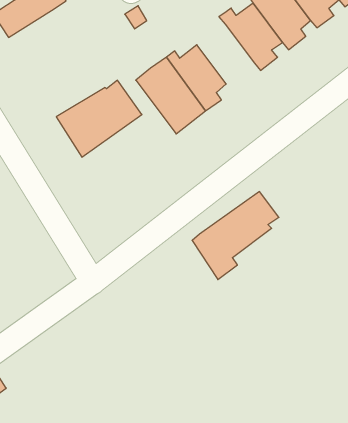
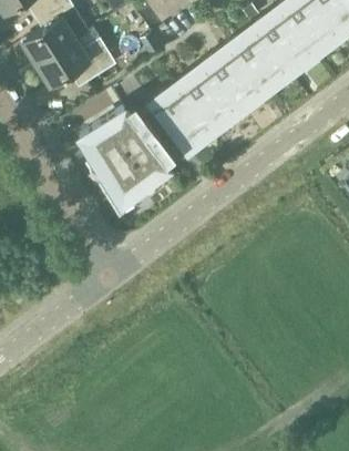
building: none -> [35,39,115,85]
building: none -> [201,51,258,112]
building: [192,192,279,280] -> [95,133,174,213]

